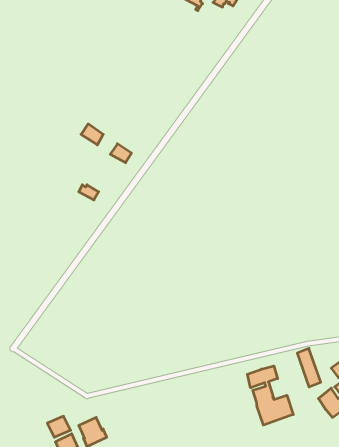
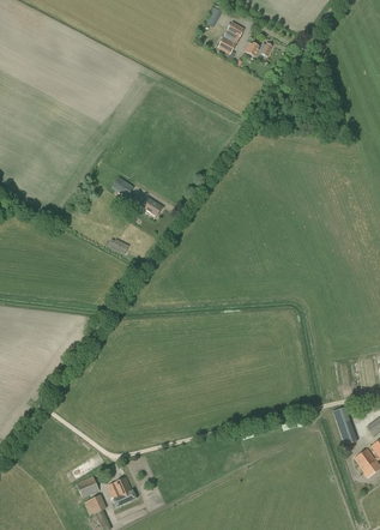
building: [247,366,293,425] -> none

